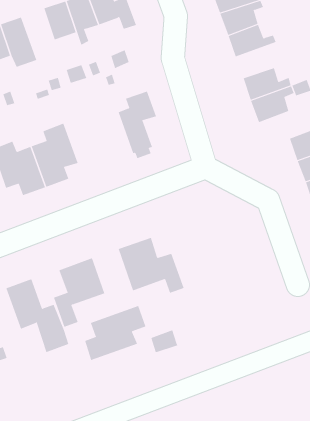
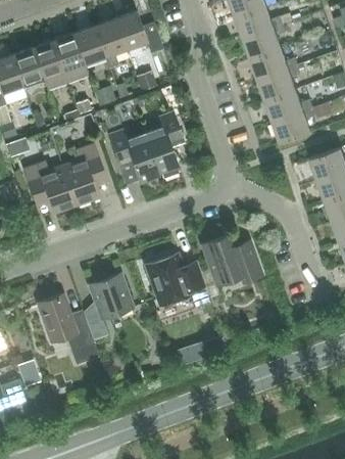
building: none -> [51,33,87,83]
building: none -> [257,65,300,100]
building: none -> [107,128,158,183]
building: none -> [201,234,260,285]
building: [84,305,146,361] -> none

